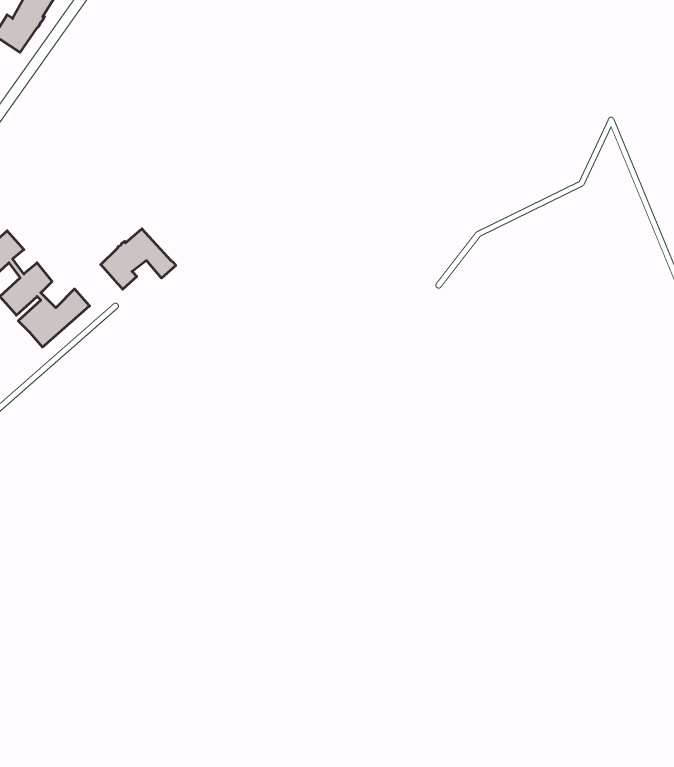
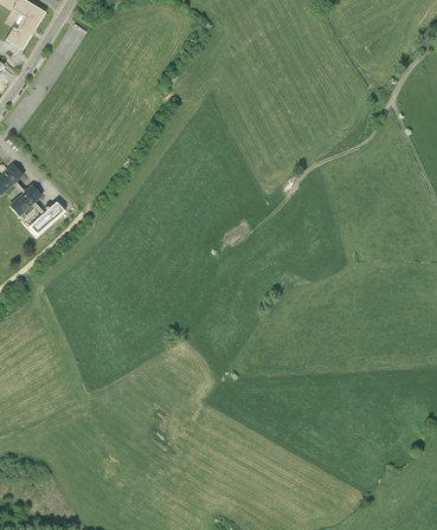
building: [101,229,176,289] -> none

